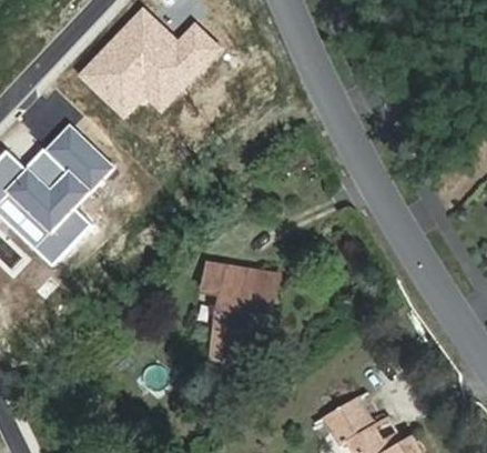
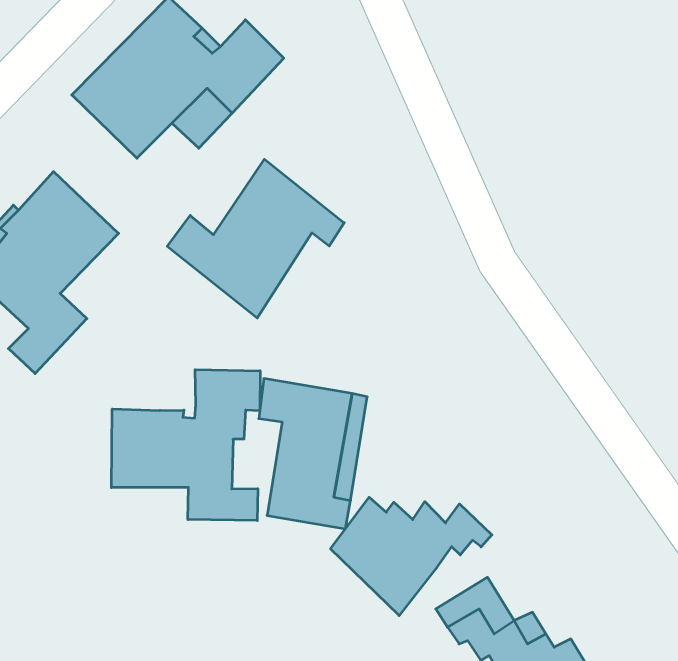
building: none -> [167,159,344,318]
building: none -> [111,370,260,521]
building: none -> [331,497,492,616]

